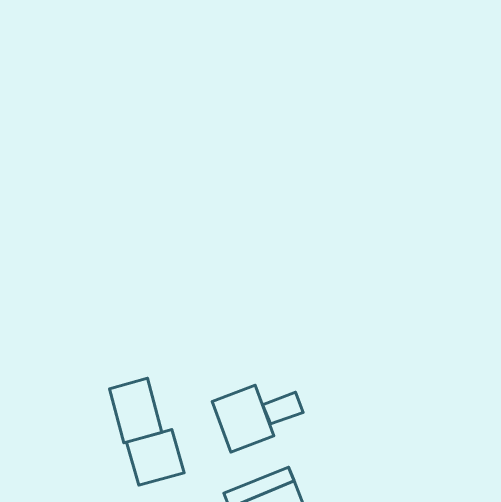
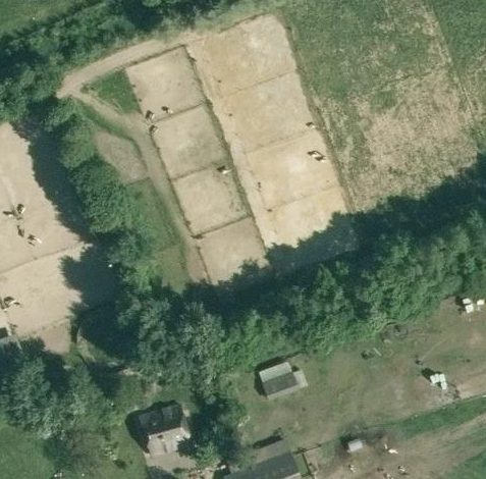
building: [109,378,162,443] -> none
building: [212,385,274,452] -> none

